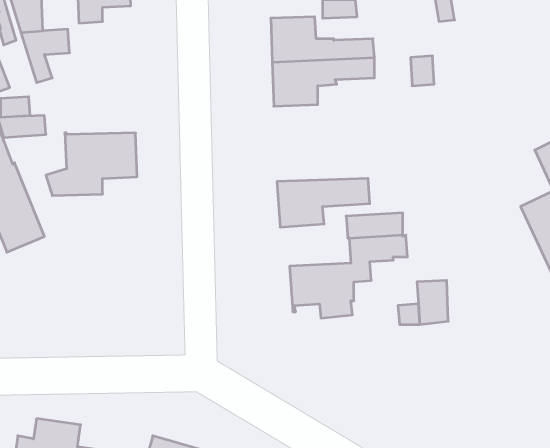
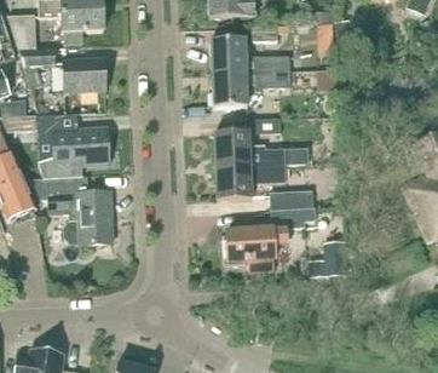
building: none -> [63,57,105,91]
building: none -> [214,130,307,165]
building: none -> [24,174,113,243]

